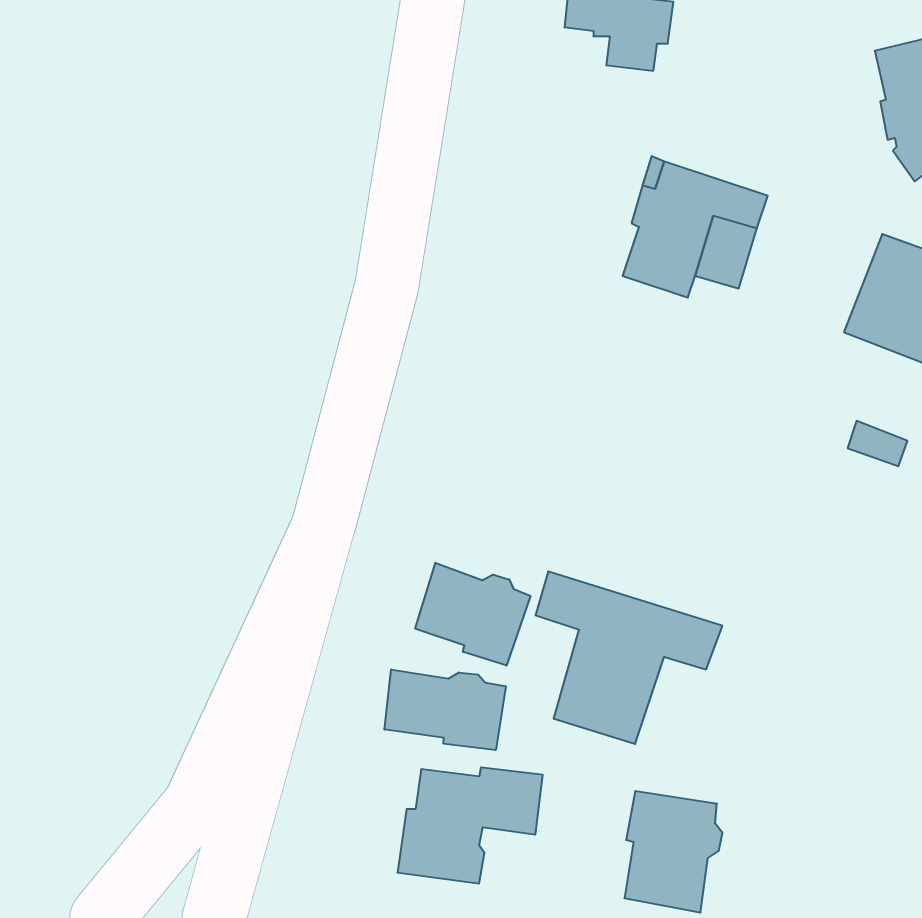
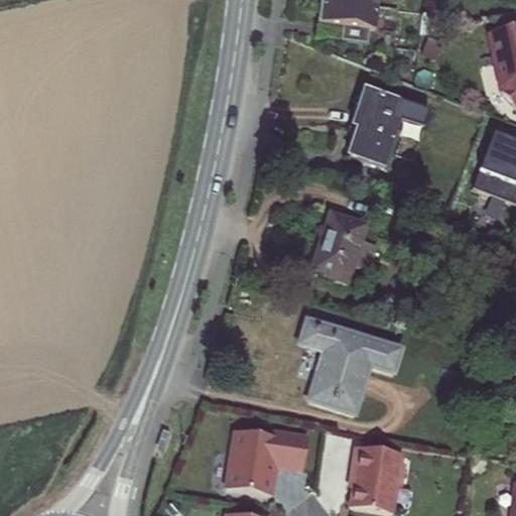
building: none -> [312,210,378,281]
building: [415,563,530,666] -> none
building: [384,669,506,750] -> none

